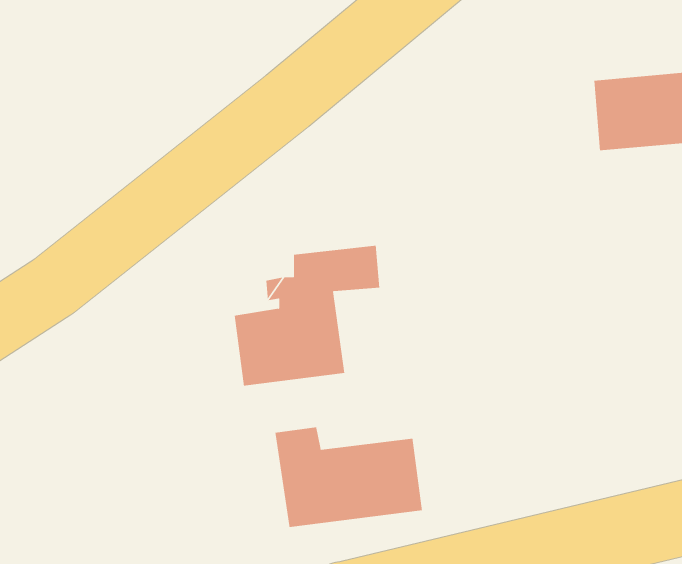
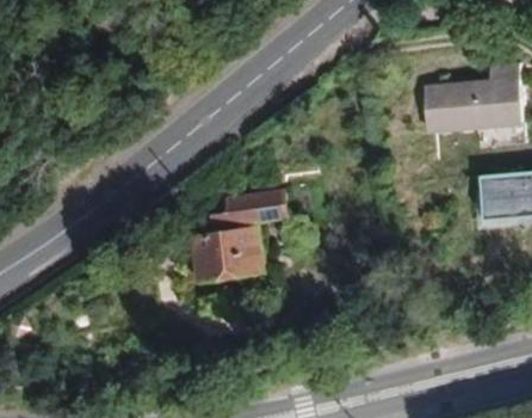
building: [275,426,423,528] -> none

